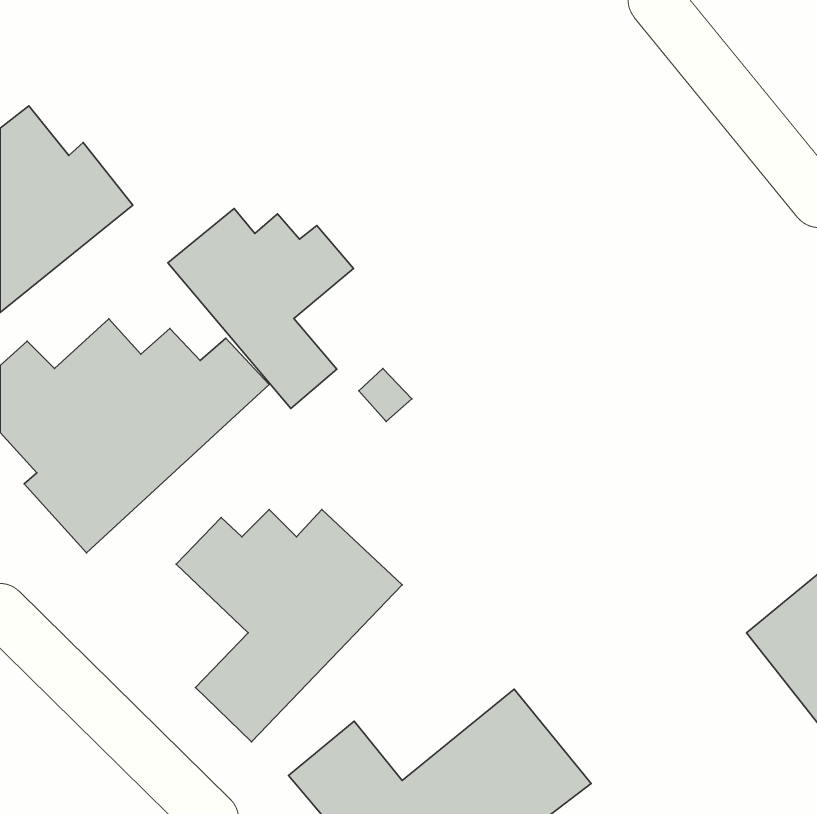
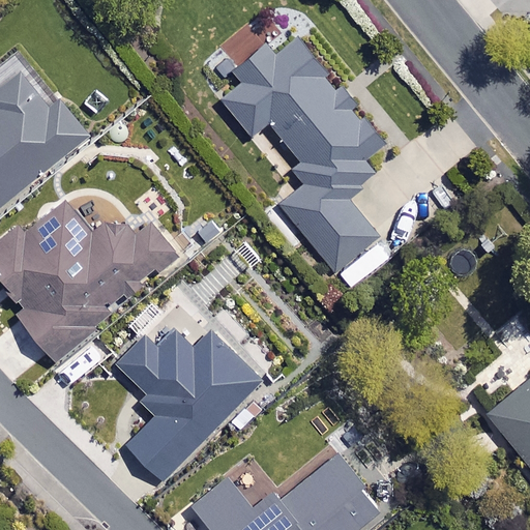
building: none -> [218,36,393,282]
building: [168,208,353,409] -> none

